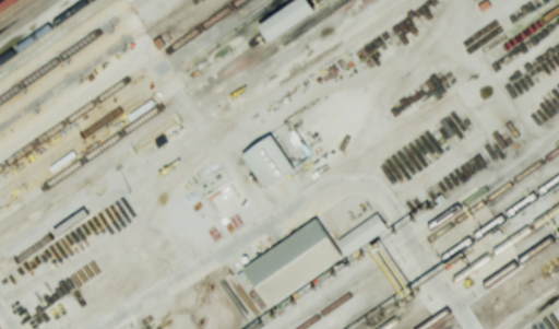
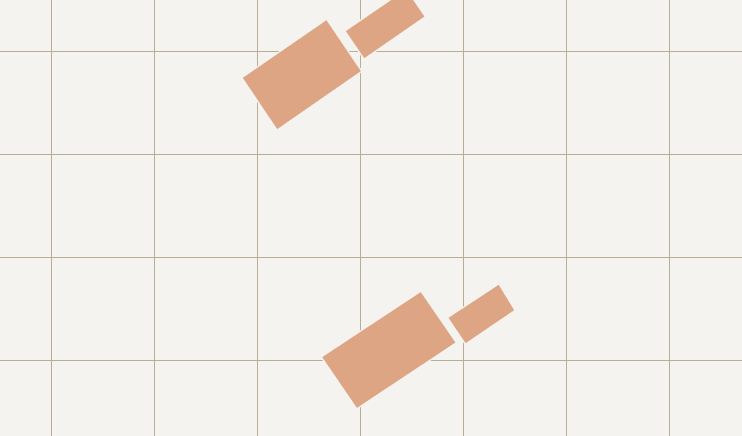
building: none -> [242,19,362,130]
building: [239,134,293,191] -> none

